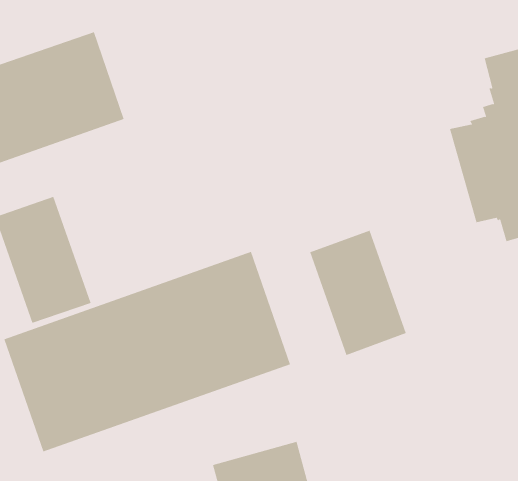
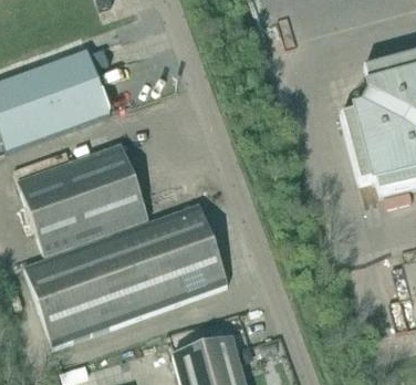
building: none -> [61,144,149,241]
building: [309,230,406,356] -> none

